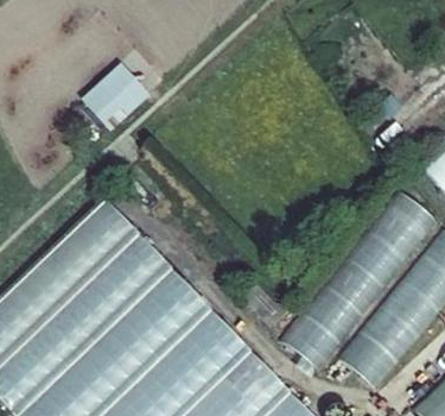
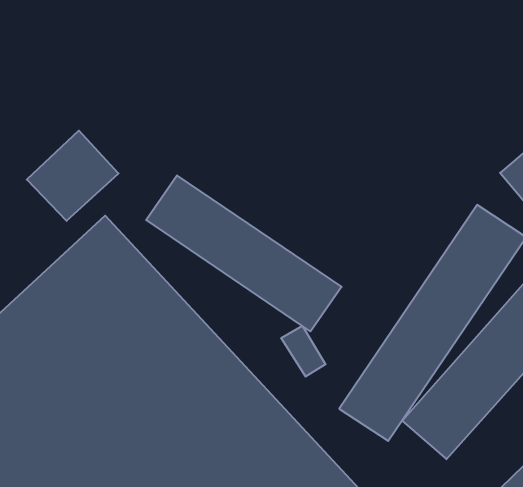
building: [78,64,150,134] -> [27,131,119,221]
building: none -> [146,175,342,331]

